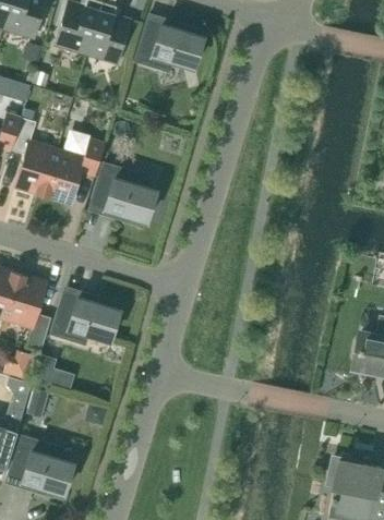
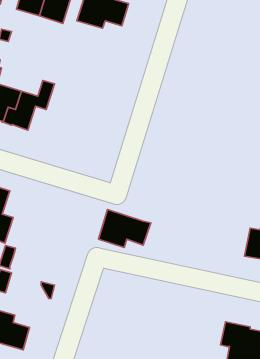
building: [88,165,156,226] -> none
building: [51,293,120,343] -> [98,209,151,248]

